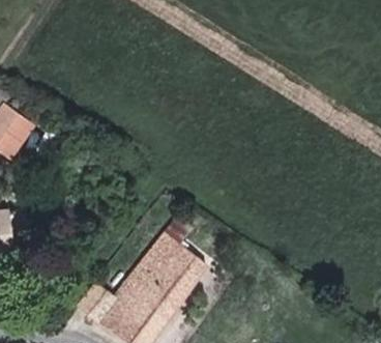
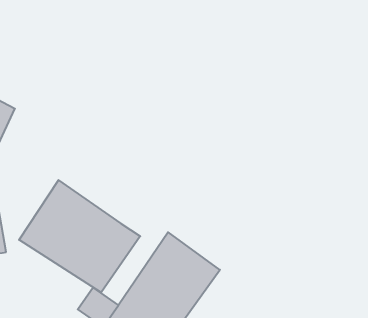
building: none -> [19,180,140,293]

